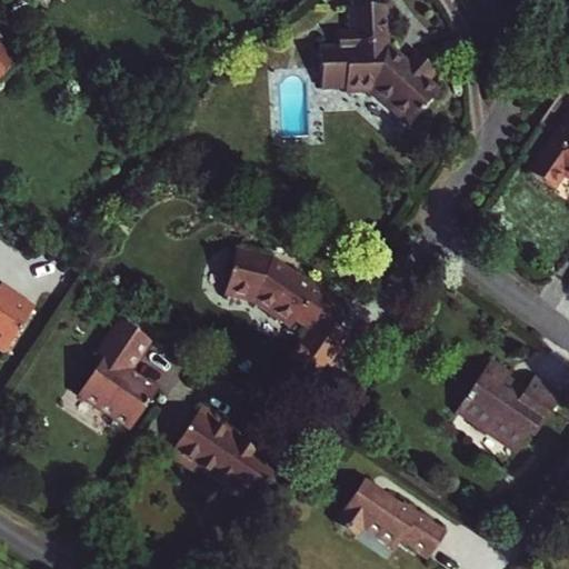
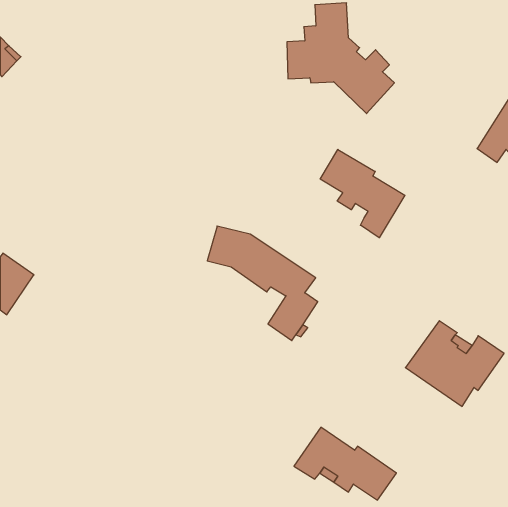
building: none -> [320,149,405,238]
building: [76,318,154,435] -> none
building: [166,405,278,507] -> none

